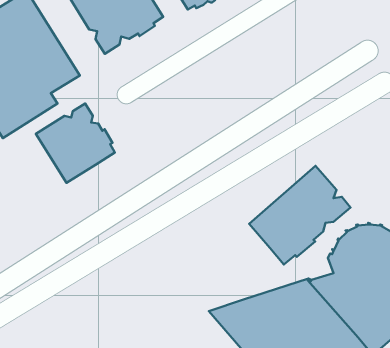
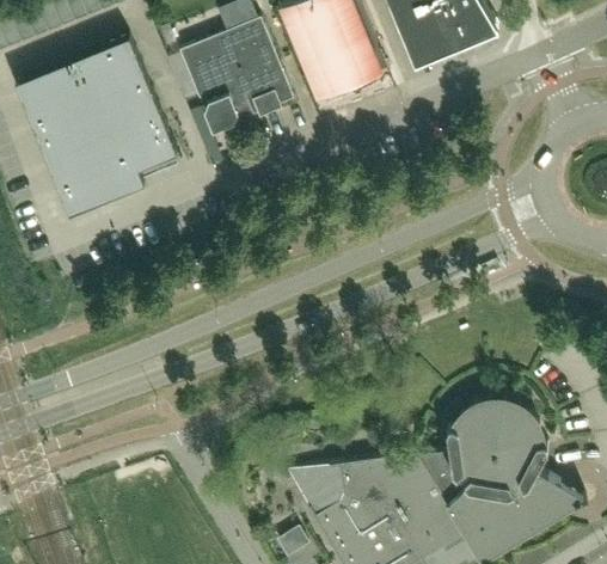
building: [36,103,115,183] -> none
building: [249,166,350,264] -> none

